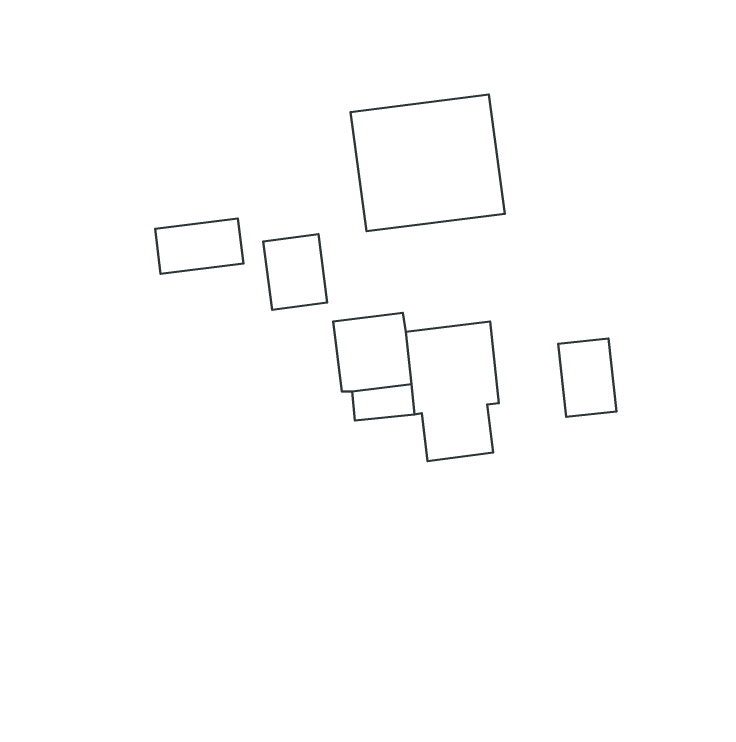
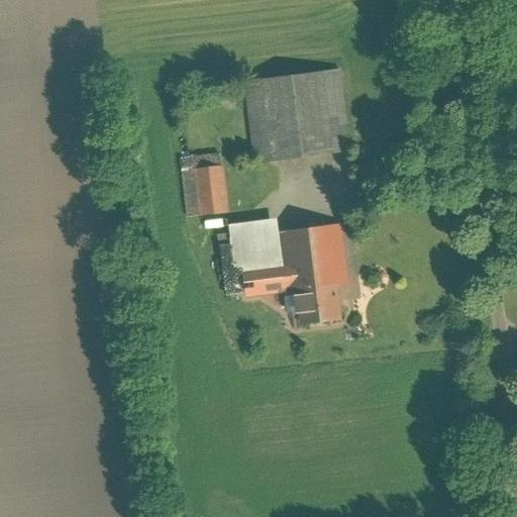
building: [155,218,243,274] -> none
building: [558,339,616,417] -> none

